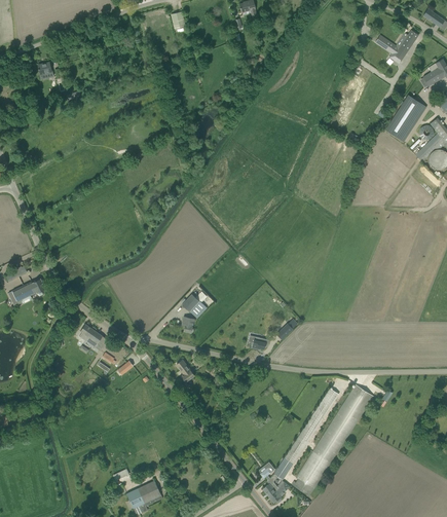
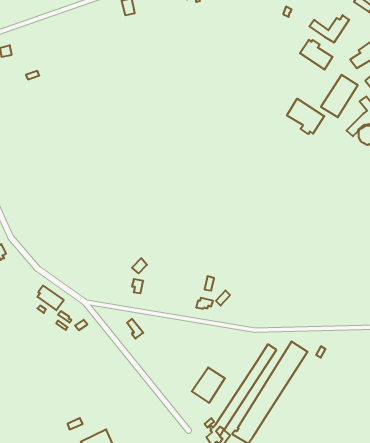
building: none -> [300,40,332,70]
building: none -> [287,99,324,134]
building: none -> [192,367,225,403]

